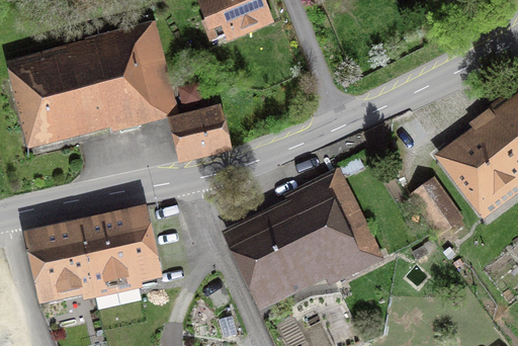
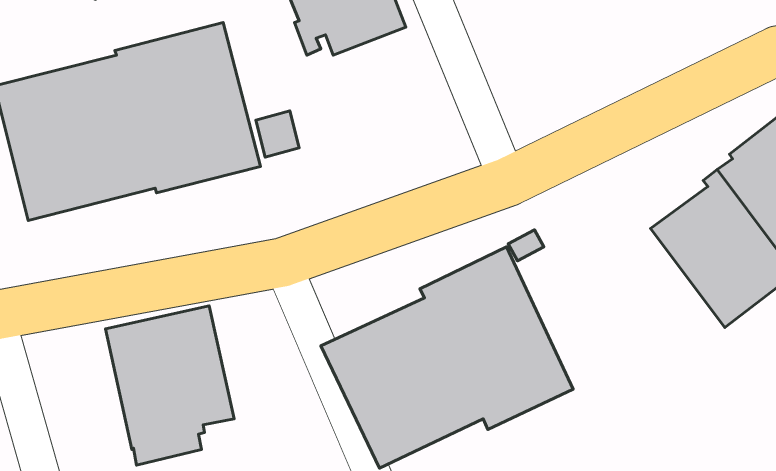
building: [167,104,232,165] -> none
building: [406,174,464,237] -> none
building: [22,220,95,306] -> none

